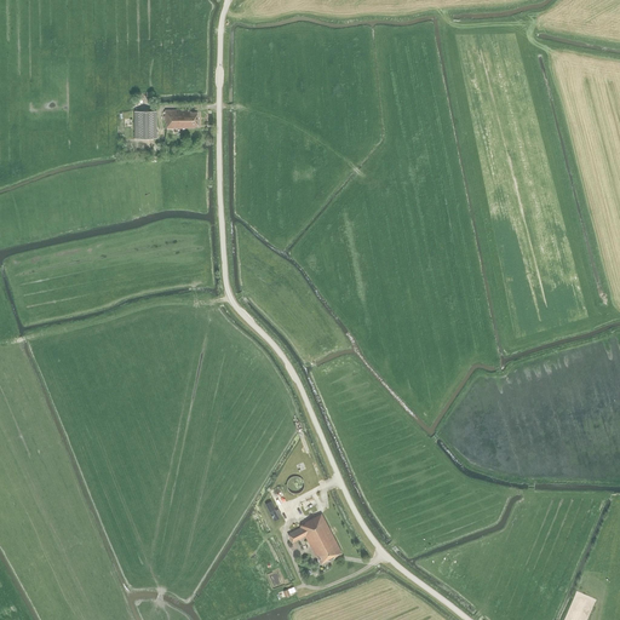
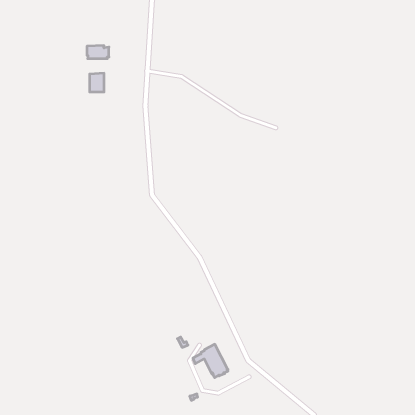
building: [163,108,196,127] -> [87,46,109,59]

